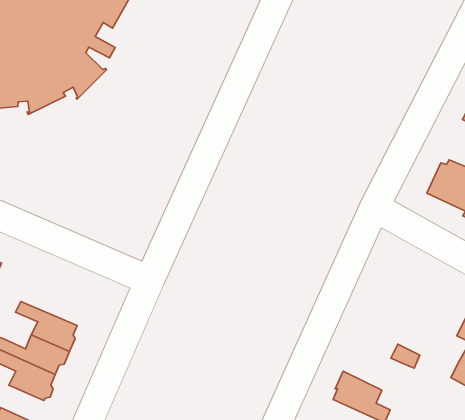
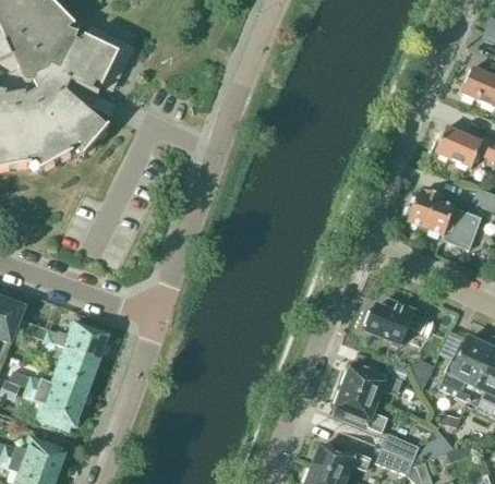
building: none -> [364,301,431,343]
building: none -> [44,322,106,359]
building: none -> [340,362,400,401]

